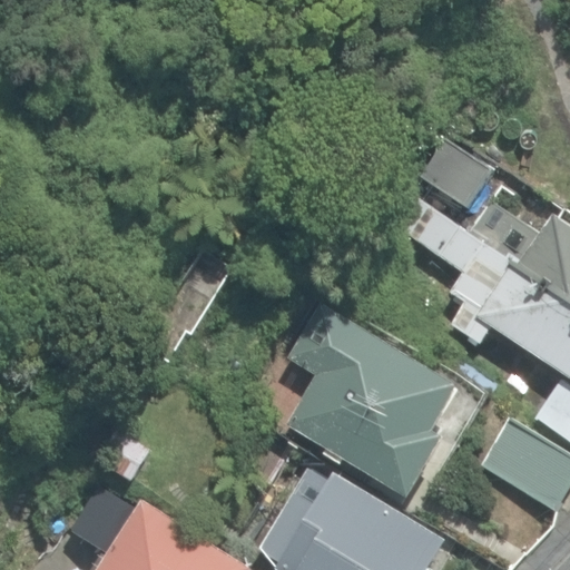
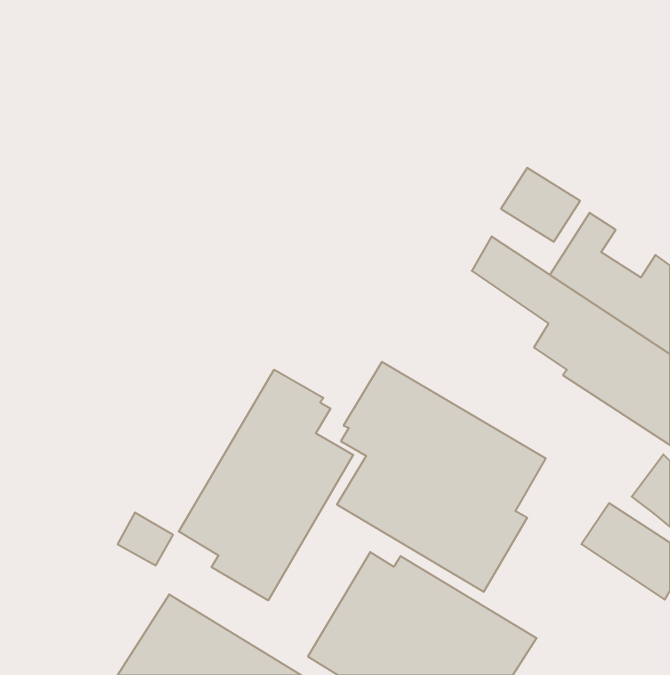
building: none -> [179,370,353,600]

